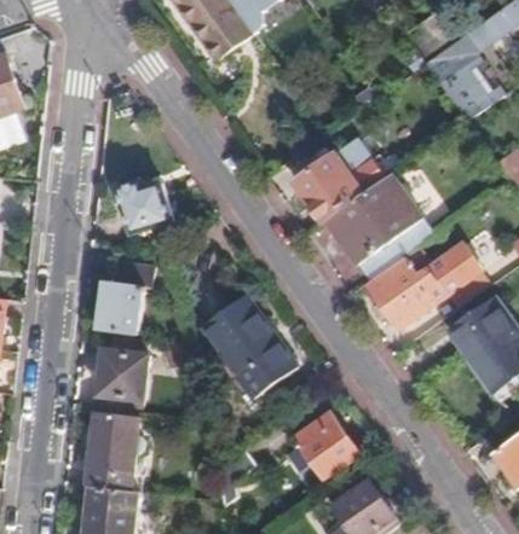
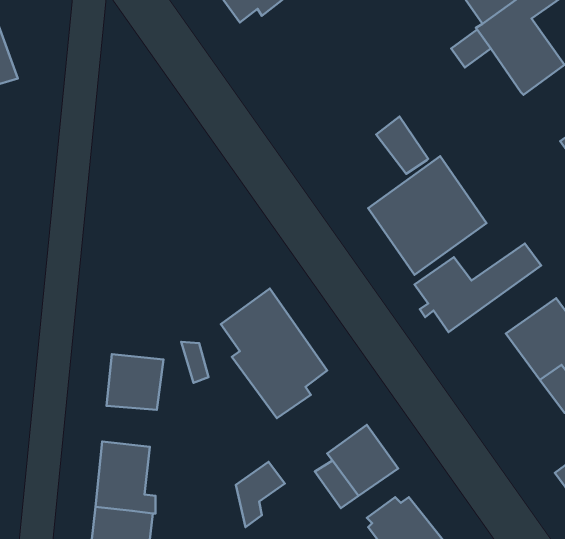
building: [295,151,363,219] -> none
building: [117,179,172,230] -> none
building: [98,262,151,329] -> none

